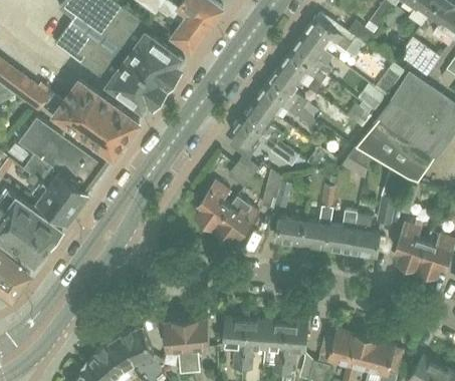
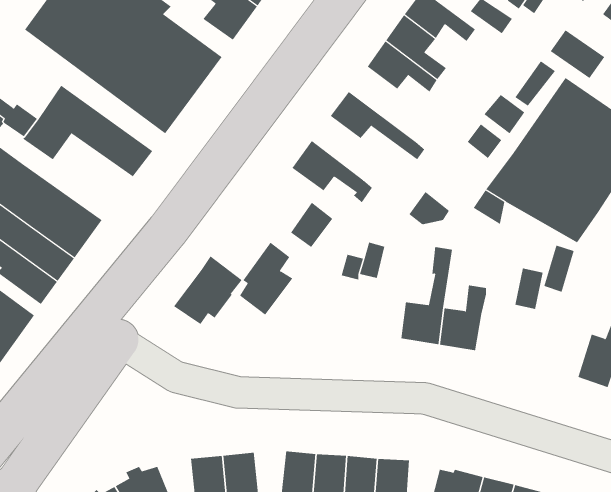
building: [267,67,317,116] -> none
building: [243,99,283,141] -> none
building: [74,111,127,156] -> none
building: [213,197,258,242] -> [173,256,242,325]
building: [351,216,380,257] -> none
building: [276,217,304,245] -> none
building: [395,223,426,270] -> none

